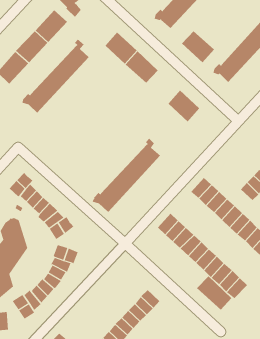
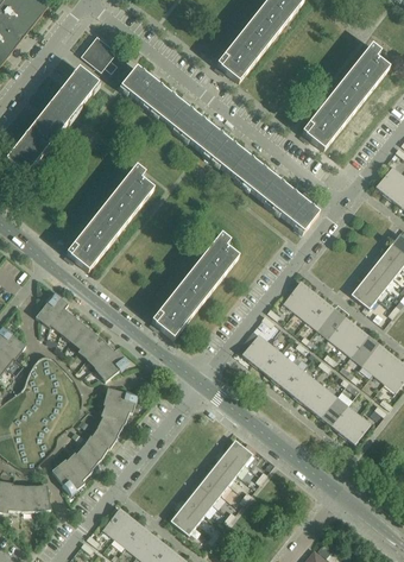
building: none -> [120,65,166,110]
building: [181,30,215,63] -> [212,139,258,183]
building: [21,39,90,114] -> [65,164,153,270]
building: none -> [272,187,318,232]
building: [196,276,232,311] -> none

